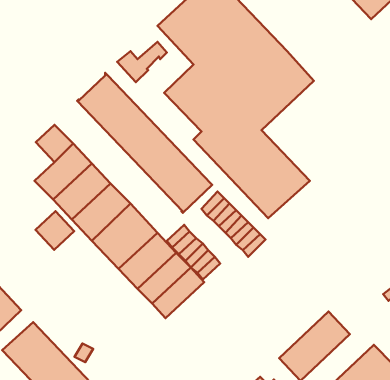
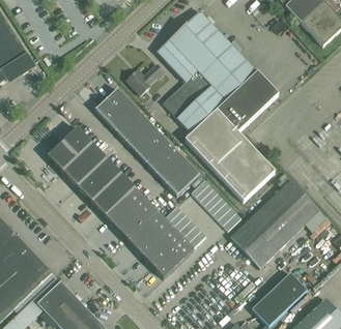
building: none -> [230,179,319,267]
building: [35,211,74,250] -> [47,141,77,171]

